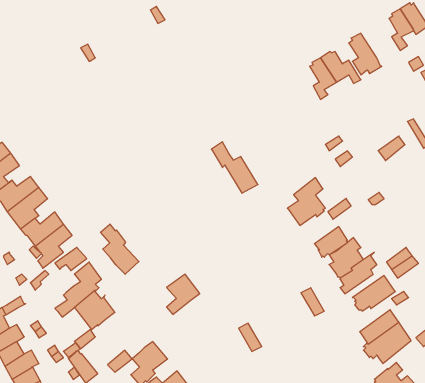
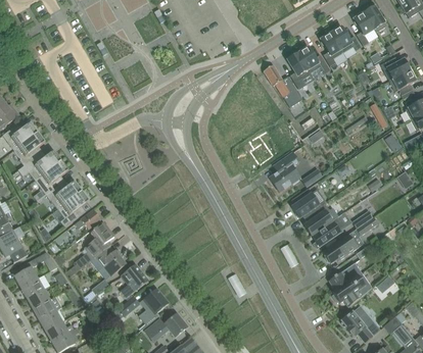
building: none -> [330,26,361,51]
building: [211,142,258,193] -> [264,63,302,106]
building: [101,224,139,274] -> none
building: [167,274,200,314] -> [121,263,148,297]

